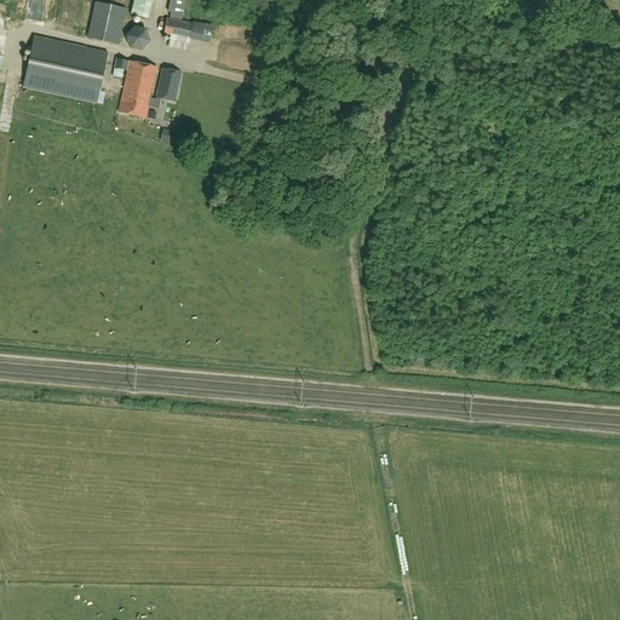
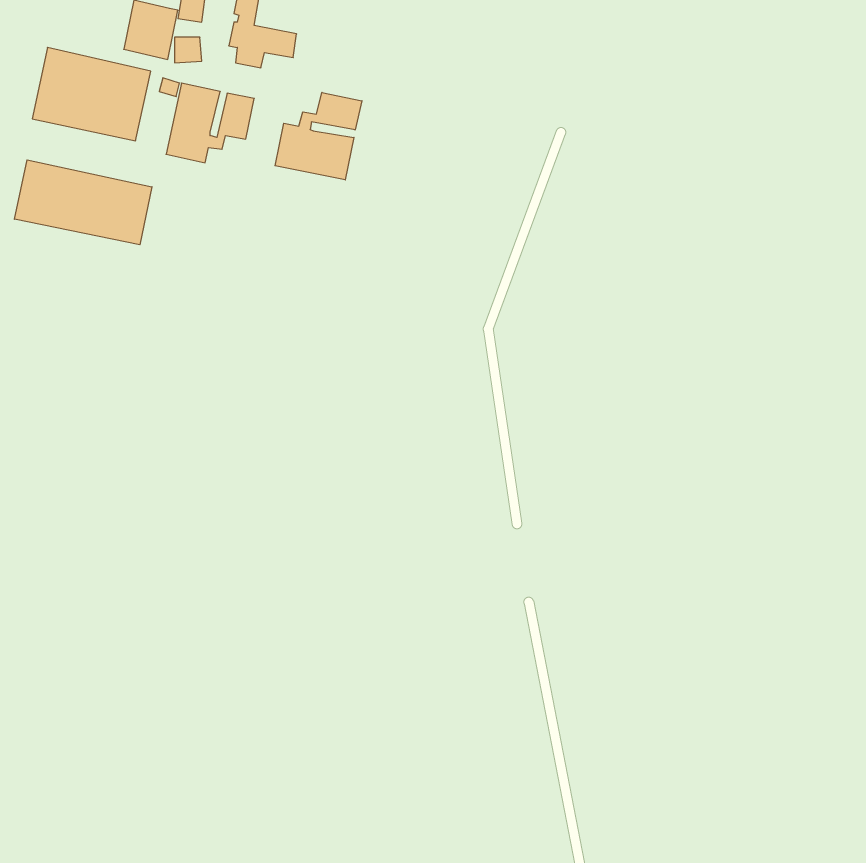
building: none -> [275,92,362,180]
building: none -> [14,160,152,245]

